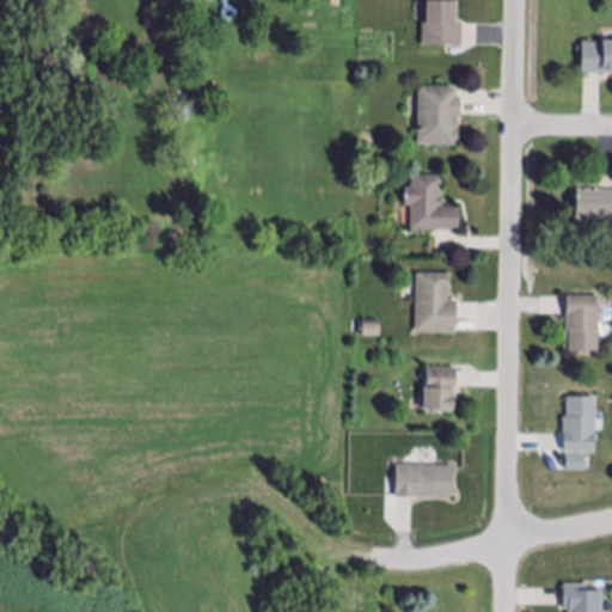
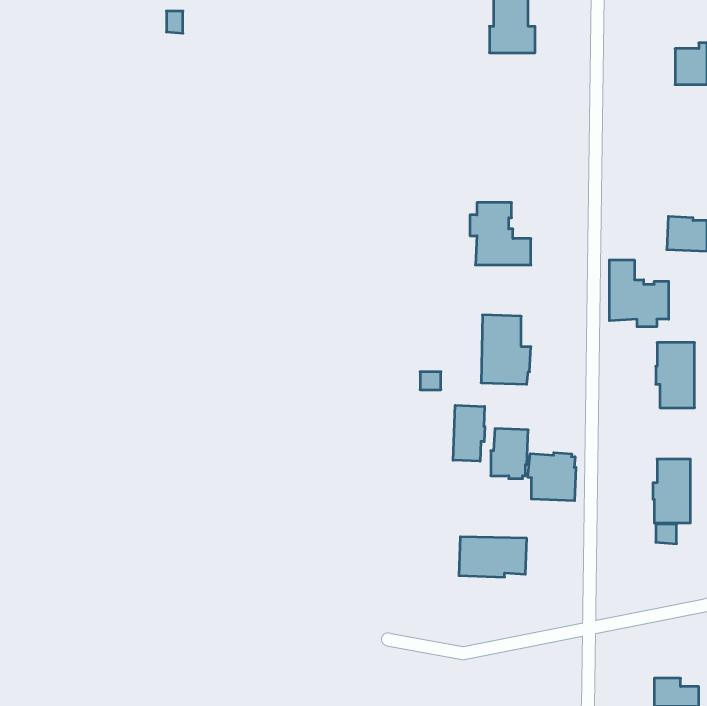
building: [416,86,460,143] -> none
building: none -> [609,260,669,327]
building: none -> [453,405,485,461]
building: none -> [528,453,576,501]

